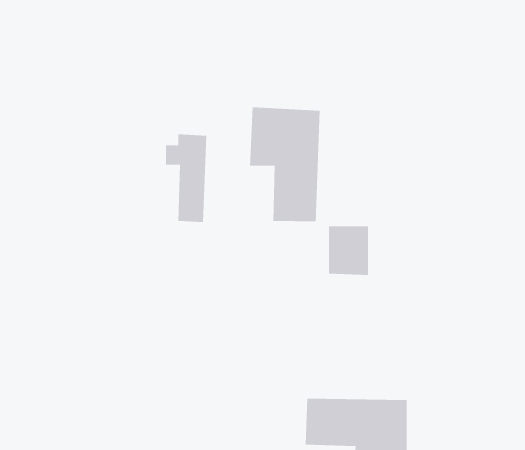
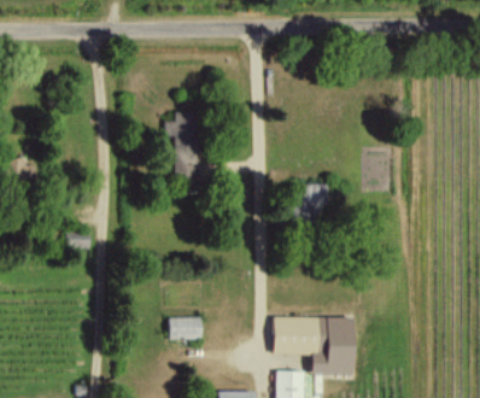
building: [249,106,320,222] -> none
building: none -> [171,316,203,339]

